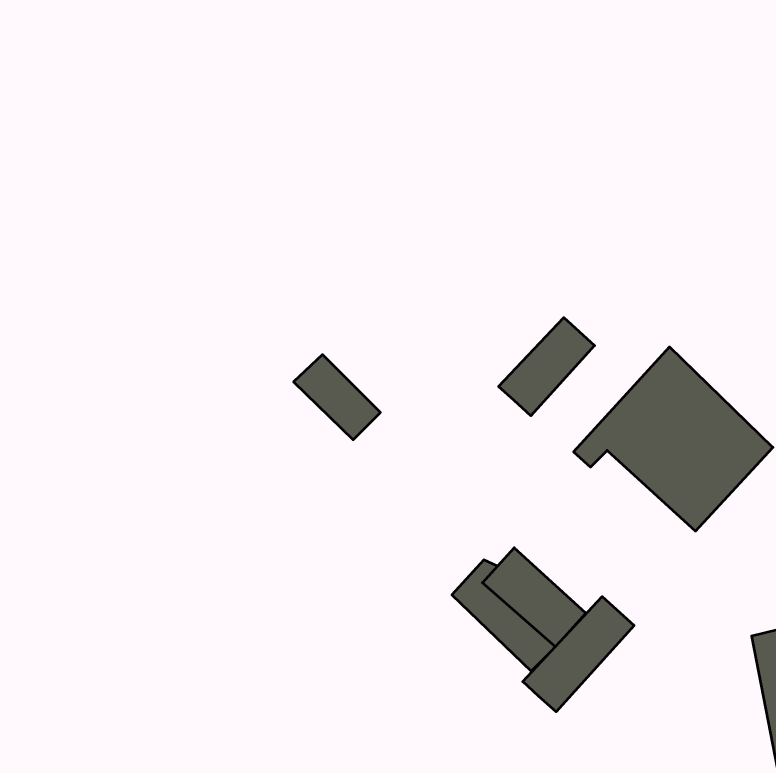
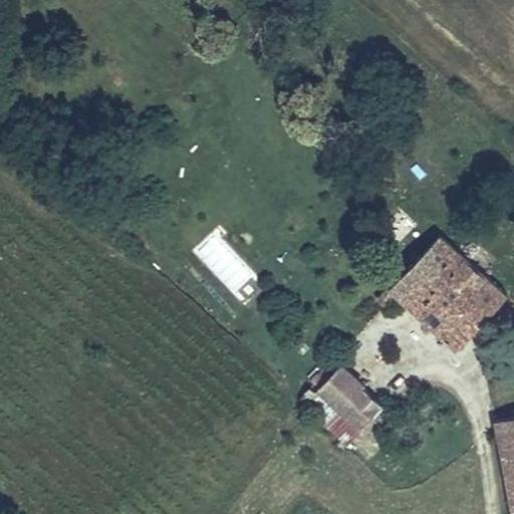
building: [499,318,595,416] -> none
building: [523,597,634,712] -> none

